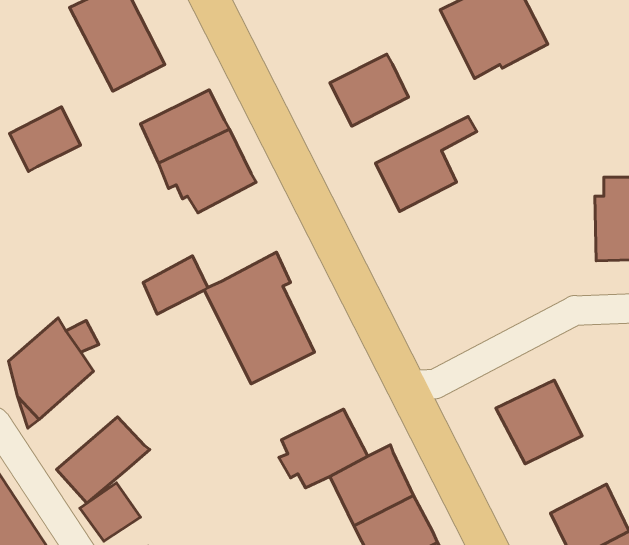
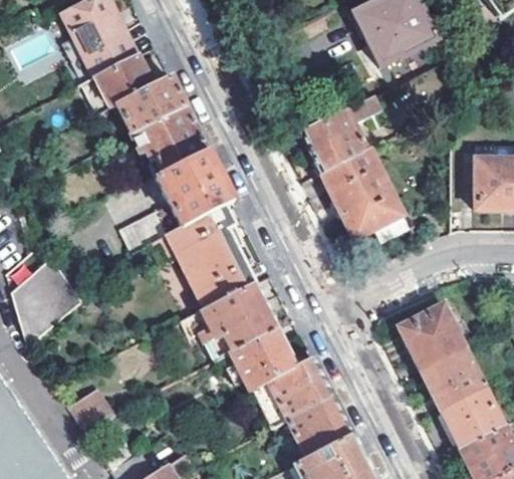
building: [330,54,408,126] -> none
building: [10,107,81,172] -> [94,56,151,107]
building: none -> [321,149,415,243]
building: none -> [156,150,234,228]
building: none -> [198,284,277,363]
building: [56,417,150,503] -> none
building: none -> [421,350,485,412]

